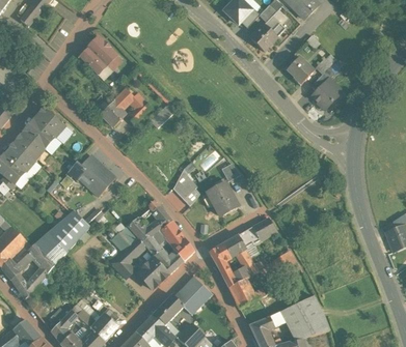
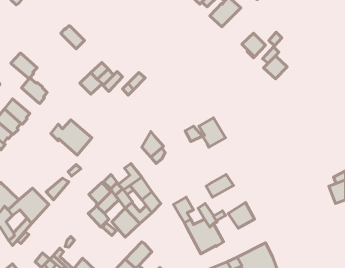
building: [88,36,117,65] -> none
building: [24,119,54,148] -> [11,53,37,79]
building: [209,181,239,214] -> [199,118,225,147]
building: [48,212,82,252] -> none
building: [223,231,252,258] -> none
building: [175,277,212,314] -> none

